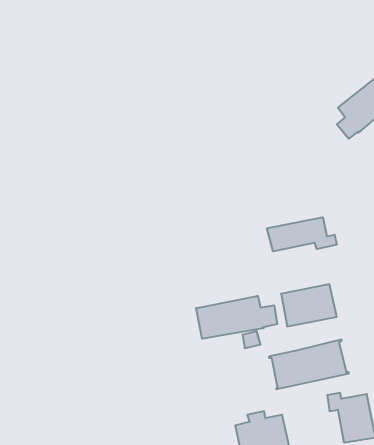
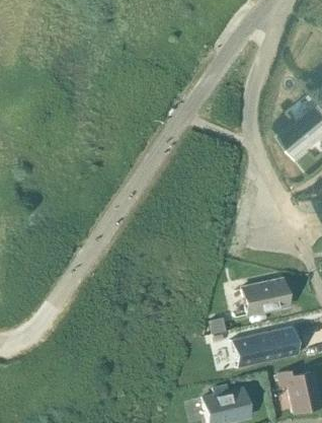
building: [267,217,337,251] -> none
building: [196,296,277,339] -> none

